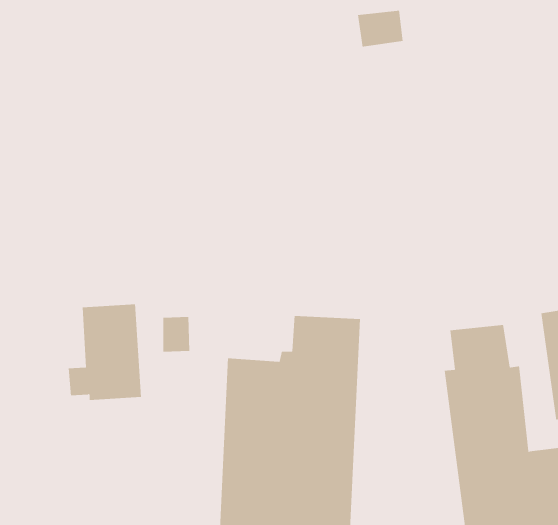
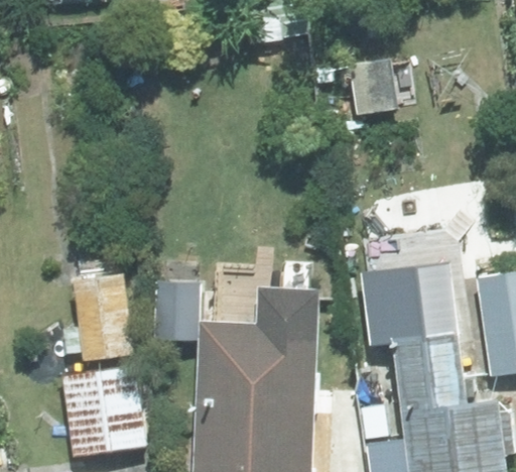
building: none -> [62,366,145,458]

